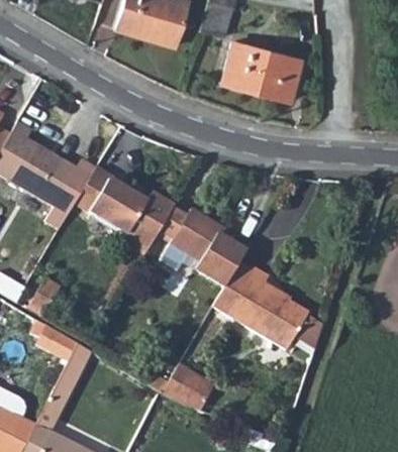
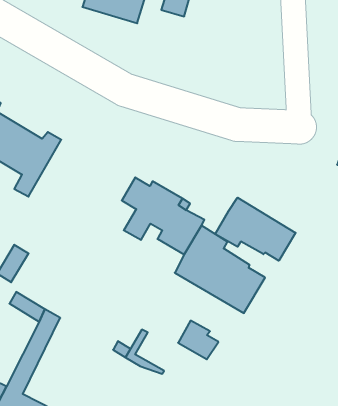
building: [222,40,302,102] -> none
building: [73,166,173,253] -> none
building: none -> [215,198,296,261]
building: [172,368,214,409] -> [178,321,218,359]

